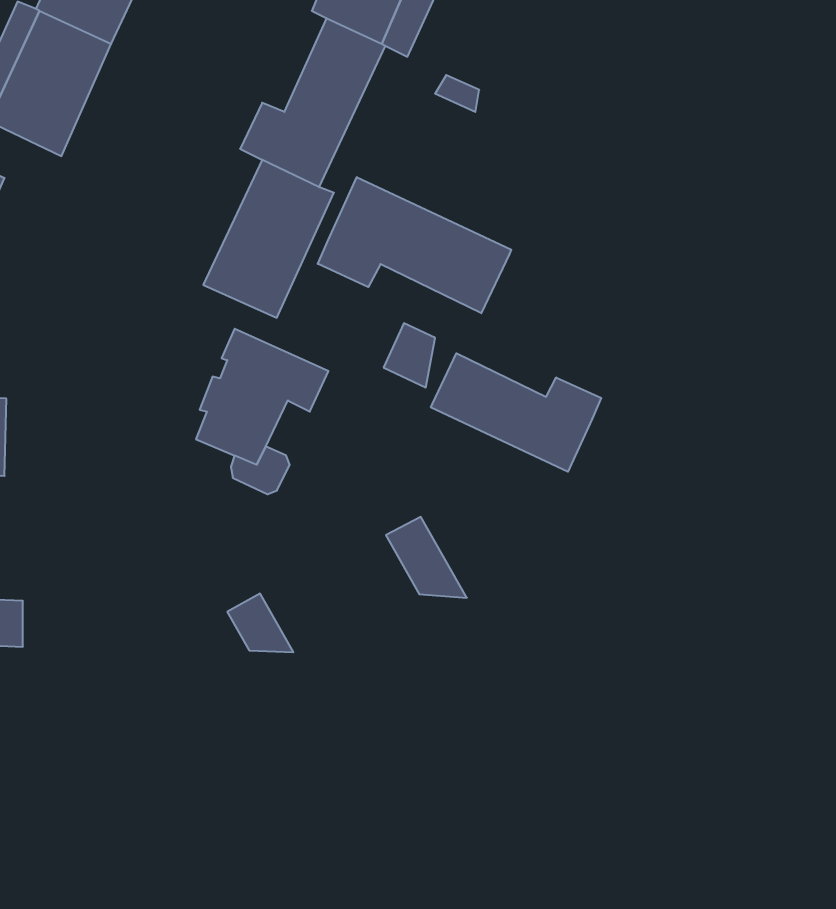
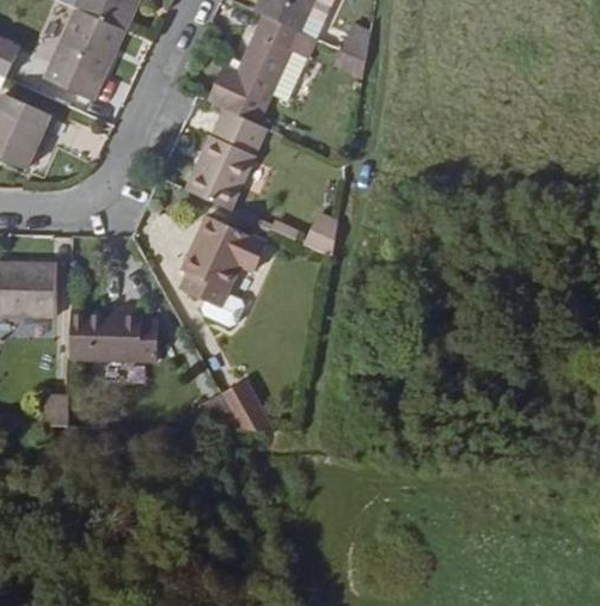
building: [318,177,511,313] -> none
building: [431,353,601,472] -> none
building: none -> [68,305,159,361]
building: [386,517,467,598] -> [221,378,274,430]

